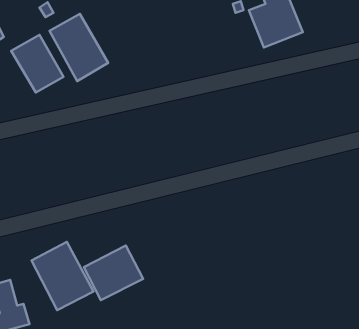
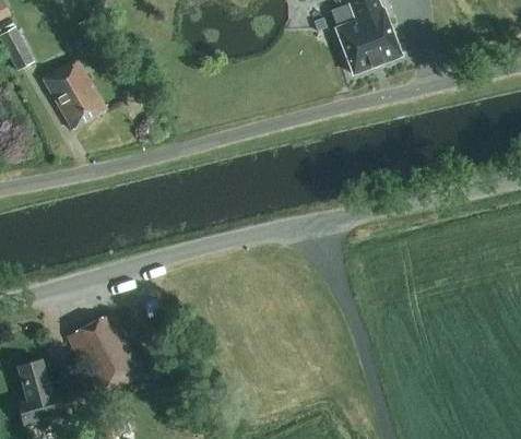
building: [49,14,108,81] -> none
building: [84,245,143,300] -> none

